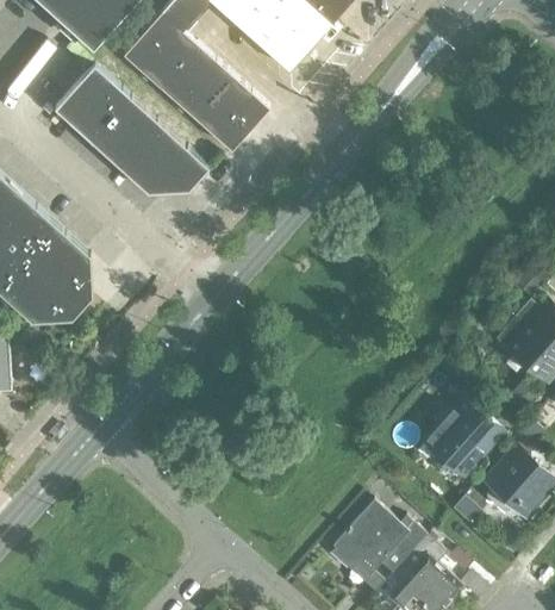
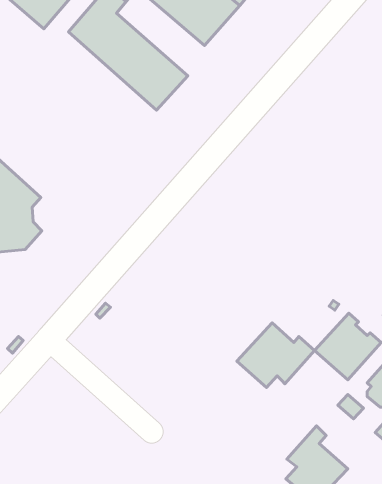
building: [54,64,208,193] -> none
building: [331,500,425,579] -> [237,323,314,388]

